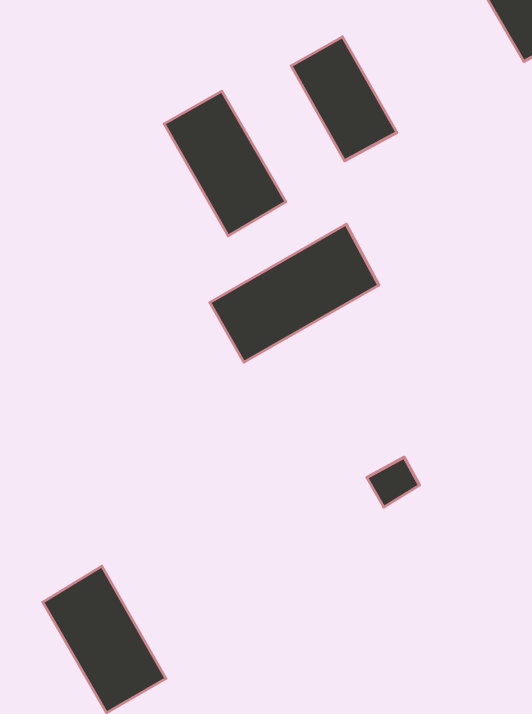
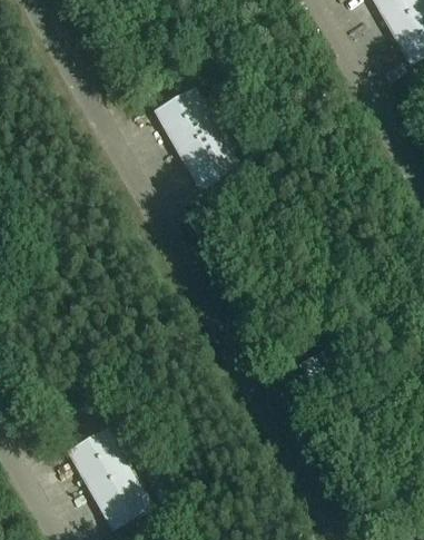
building: [291,37,397,161] -> none
building: [210,224,379,362] -> none

